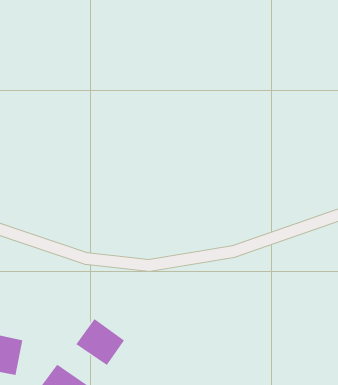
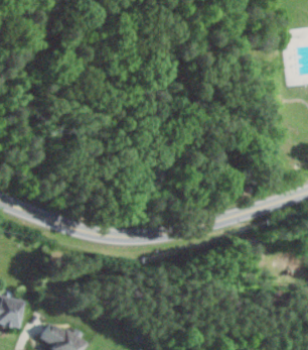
building: [76,318,125,366] -> none

